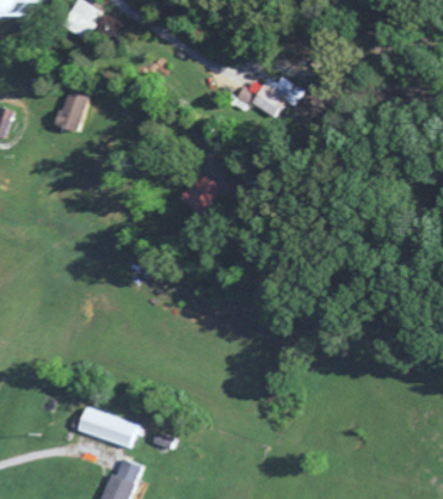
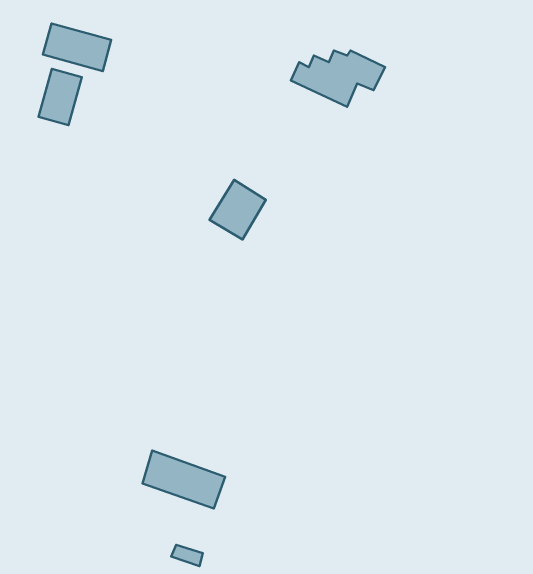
building: none -> [43,23,111,71]
building: [78,407,137,449] -> [142,450,225,508]

